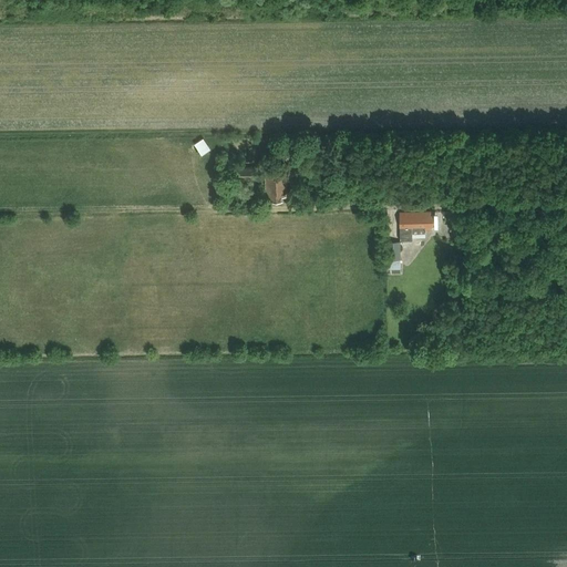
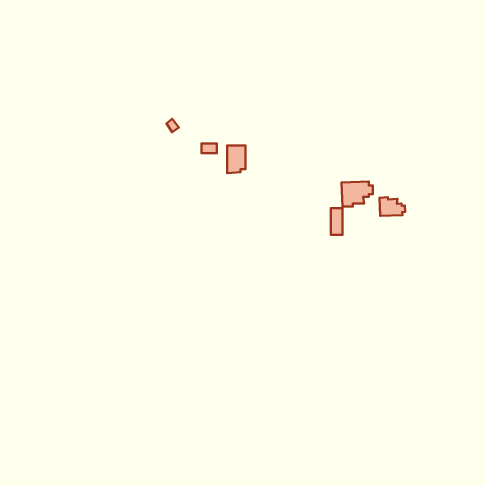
building: none -> [379,197,405,216]

